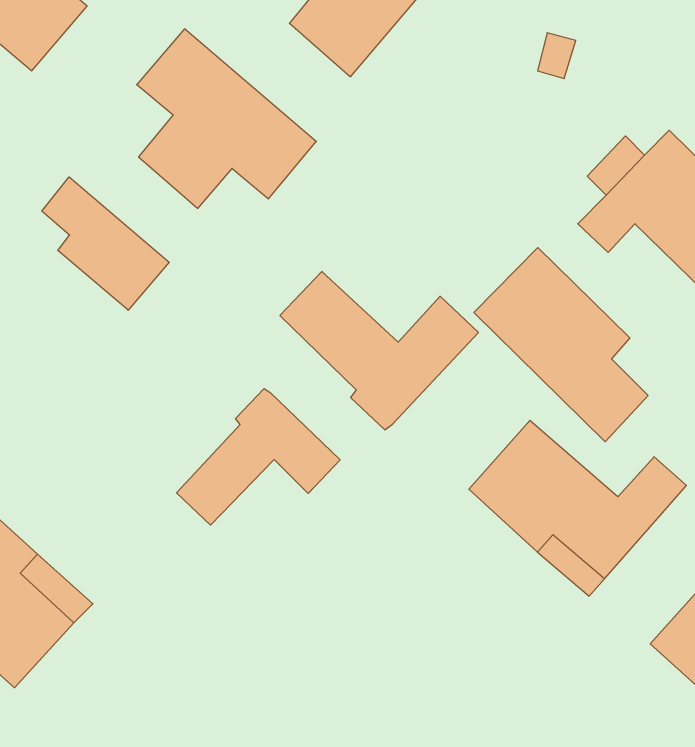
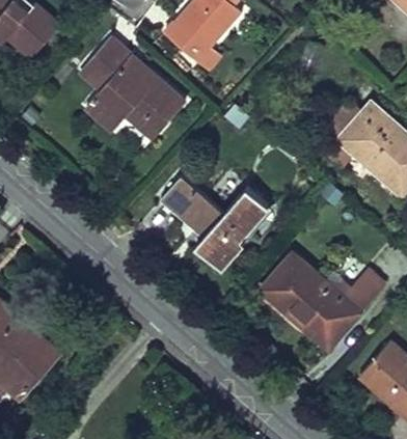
building: [42,177,169,310] -> none
building: [474,248,648,442] -> none
building: [177,389,340,525] -> none

